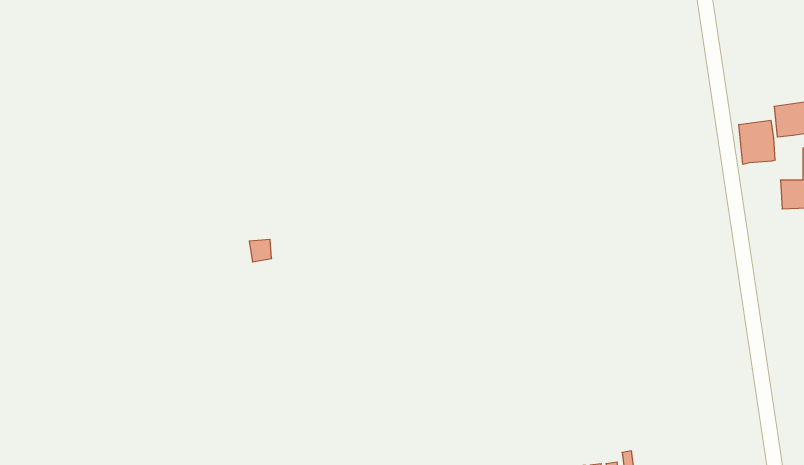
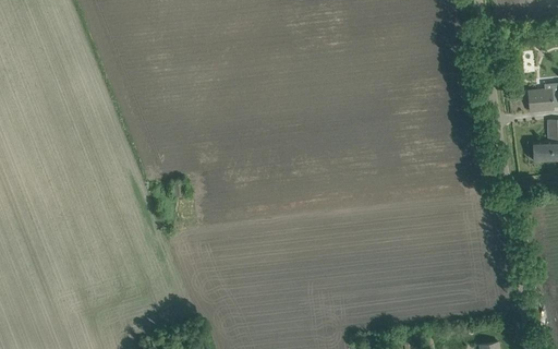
building: [739,120,775,164] -> none

